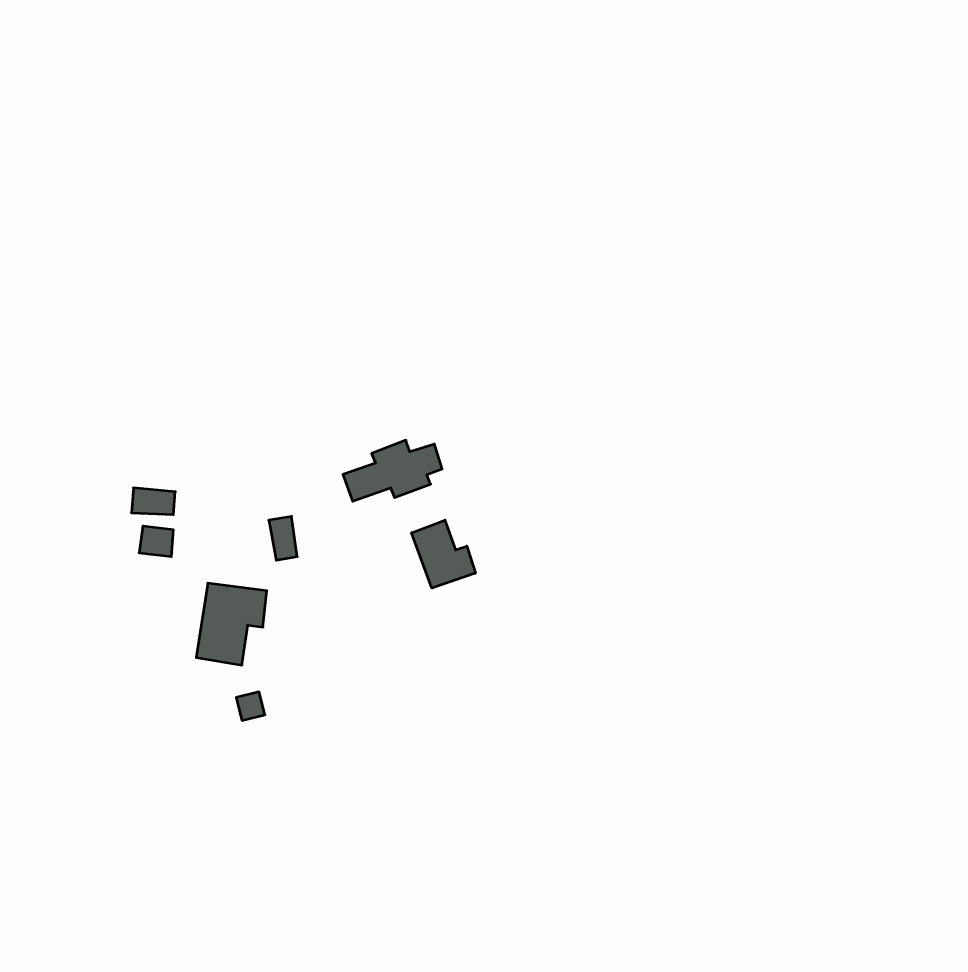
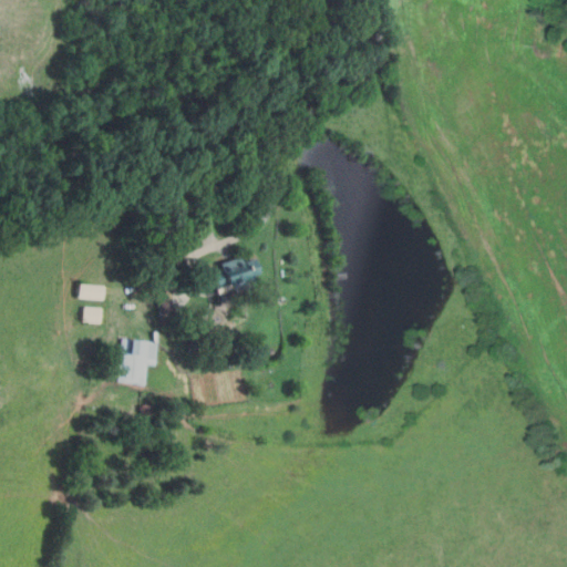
building: [412,520,475,588] -> none

